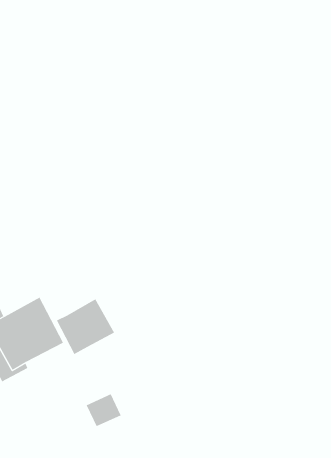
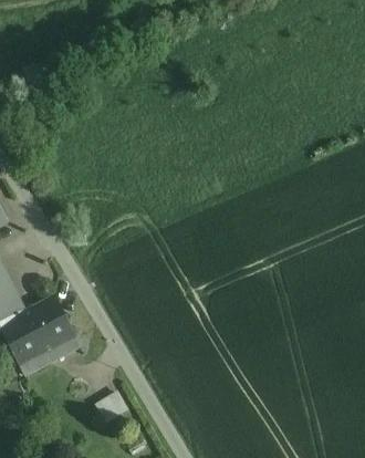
building: [56,298,115,355] -> none

